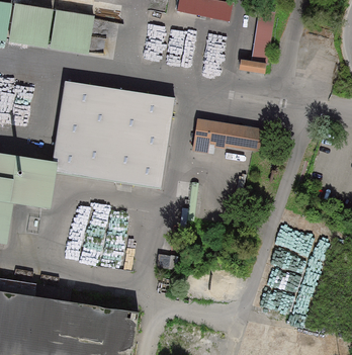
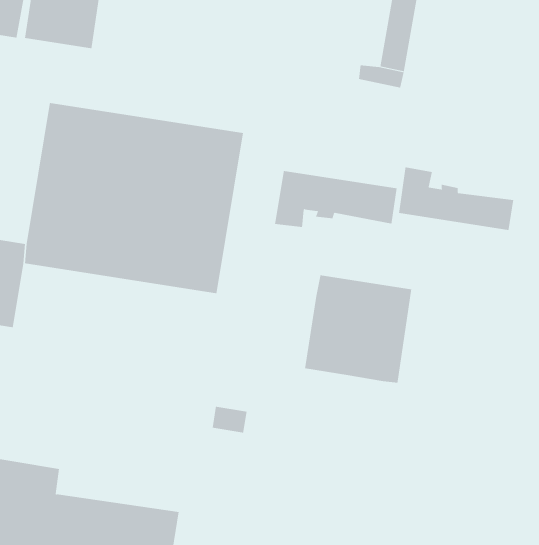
building: none -> [398,166,514,231]
building: none -> [305,274,412,384]

